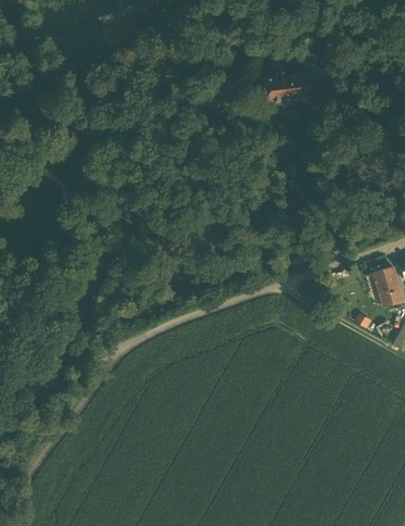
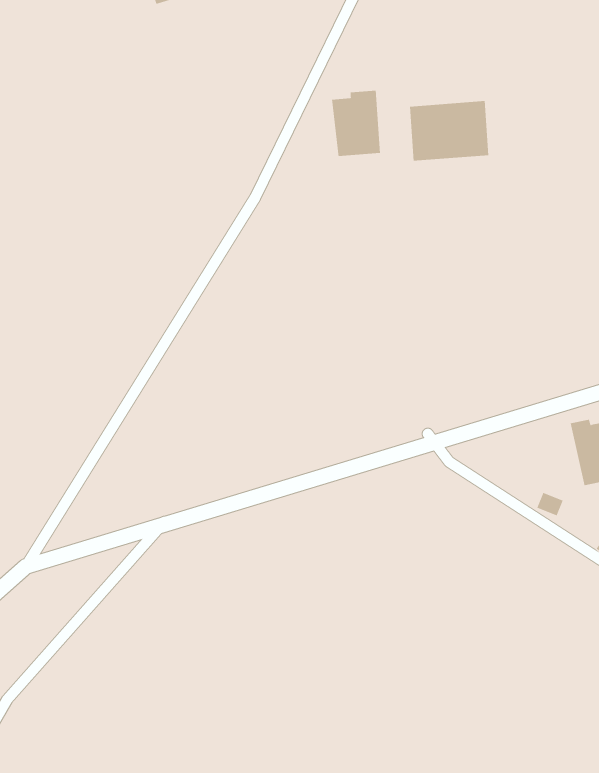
building: none -> [332,90,380,157]

